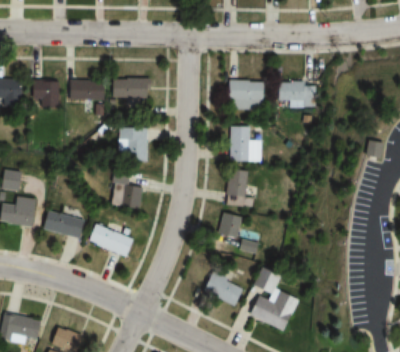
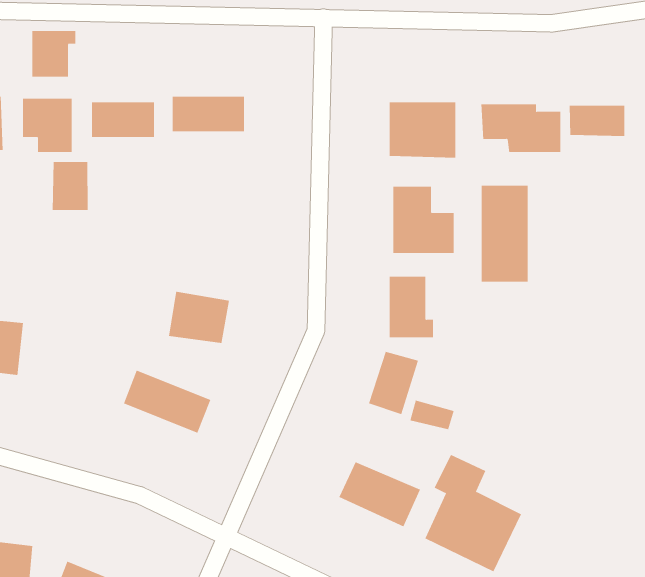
building: none -> [32,30,76,78]
building: none -> [569,105,625,137]
building: none -> [52,161,88,211]
building: none -> [481,185,528,282]
building: [121,126,149,160] -> none
building: [41,209,83,239] -> none

